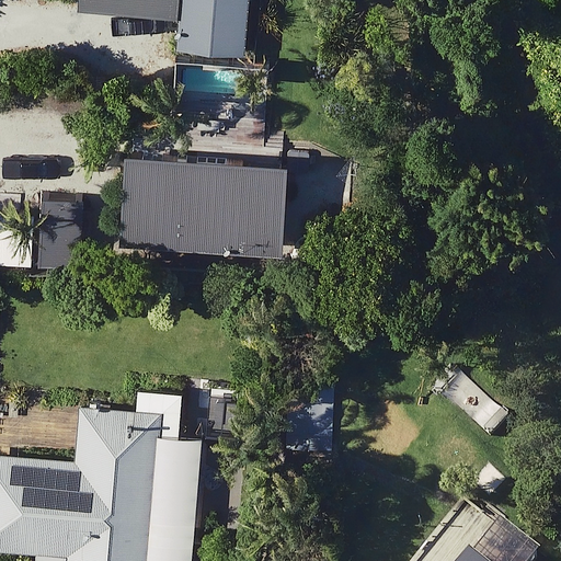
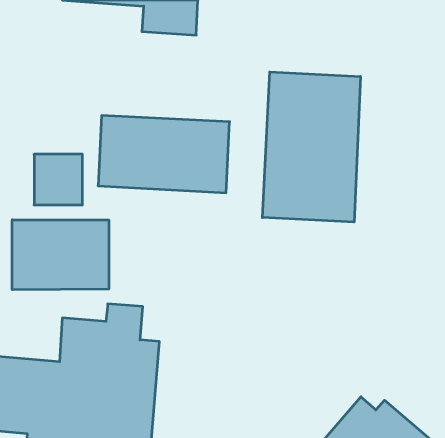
building: none -> [262,72,360,222]
building: none -> [12,220,109,290]

